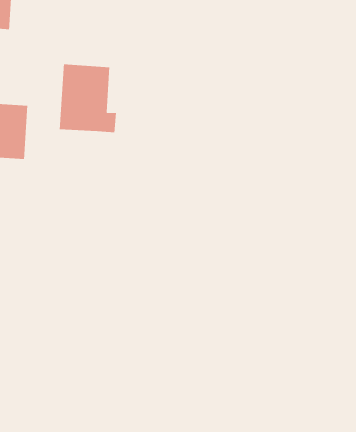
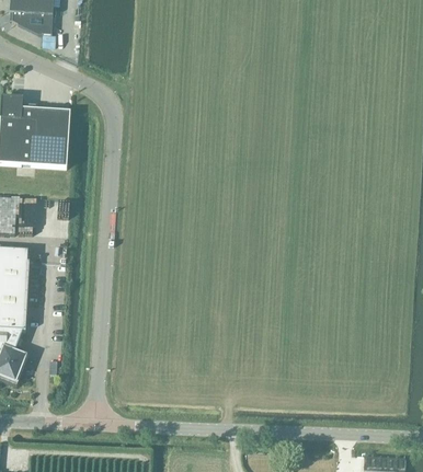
building: [59,64,117,133] -> none

